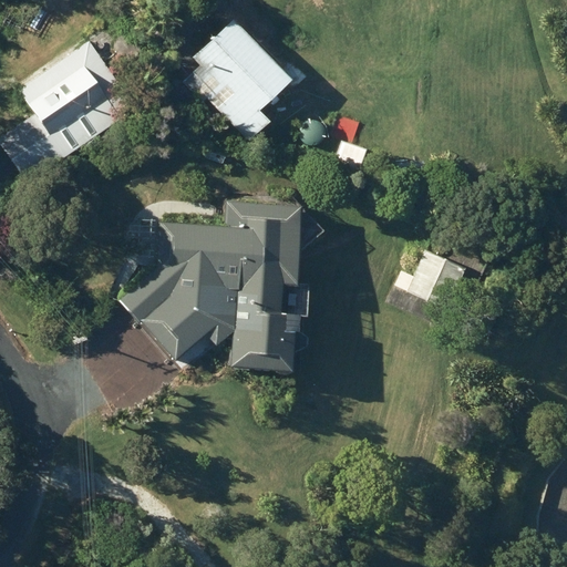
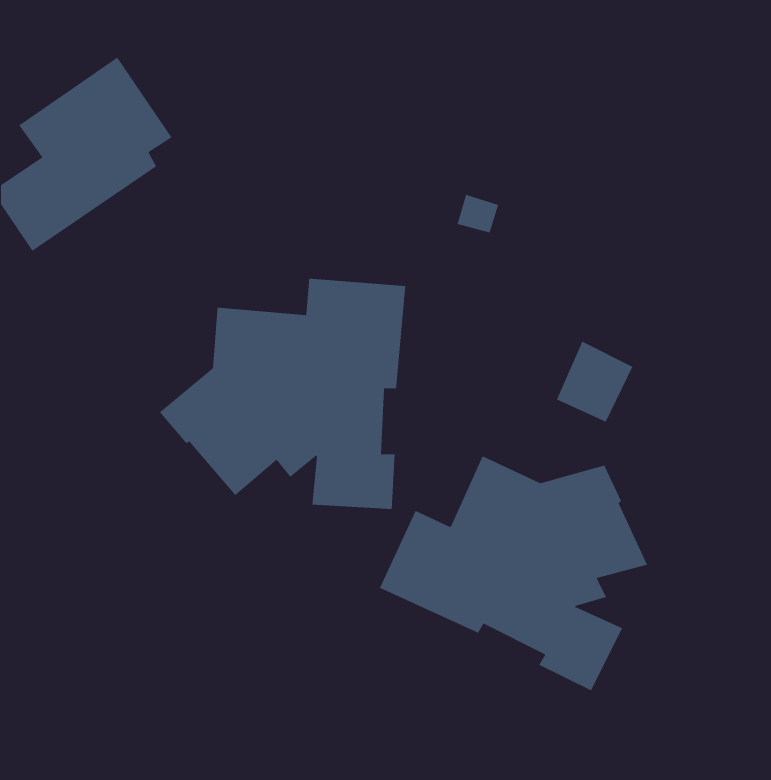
building: [186,19,291,140] -> none
building: none -> [379,455,648,692]

